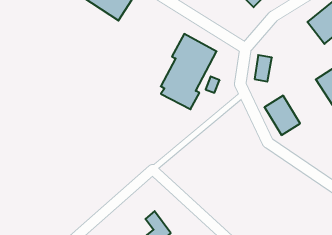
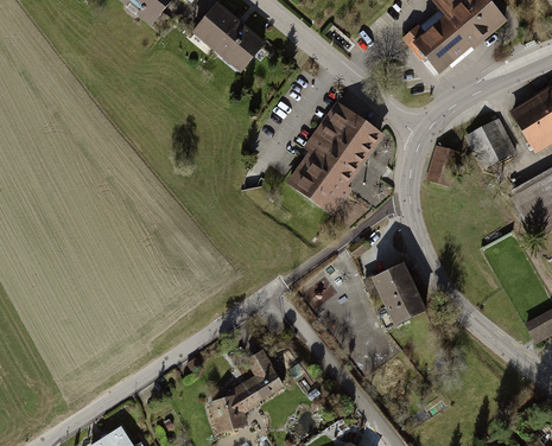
building: none -> [464,120,512,167]
building: [264,96,300,135] -> [374,262,421,318]

